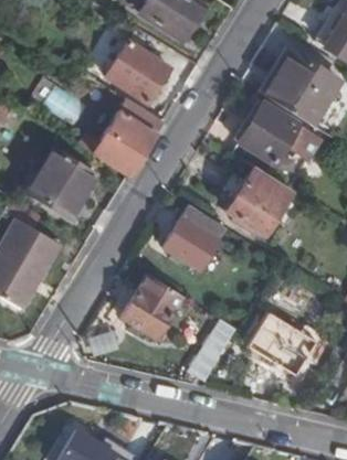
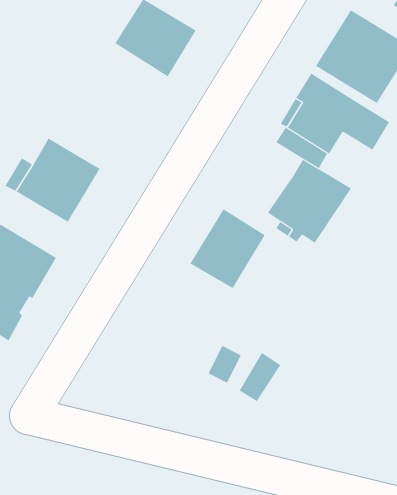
building: [84,99,164,176] -> none
building: [123,275,182,338] -> none
building: [248,311,316,375] -> none

